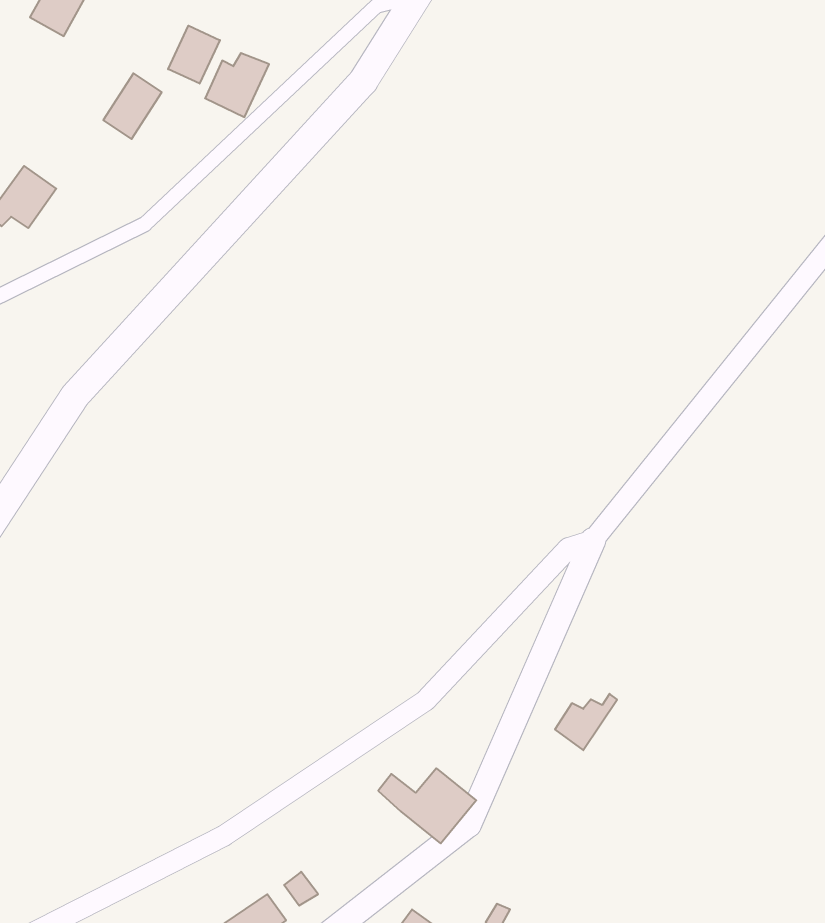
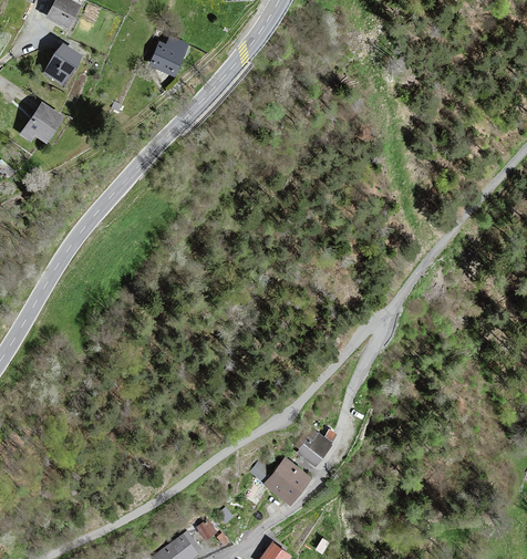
building: [168,26,220,84] -> none
building: [103,73,162,139] -> [46,44,81,83]
building: [555,694,617,750] -> [298,431,334,464]

